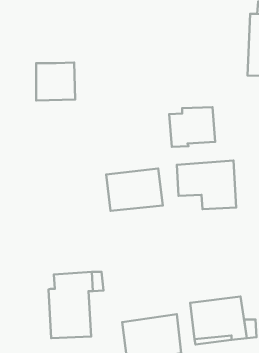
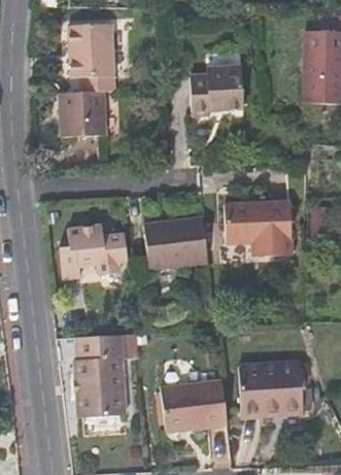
building: none -> [68,22,111,90]
building: [169,107,215,147] -> [193,67,246,113]
building: none -> [56,219,125,271]

